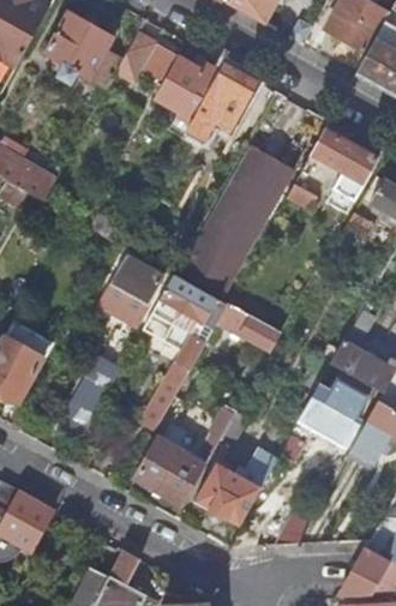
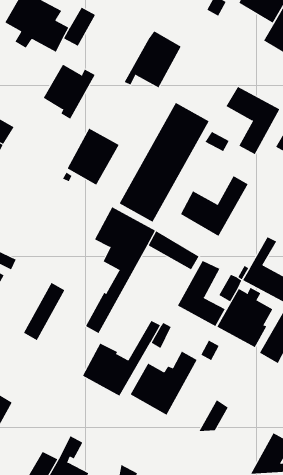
building: [154,56,217,124] -> [43,64,95,120]
building: none -> [180,175,249,237]
building: [98,256,162,325] -> [67,128,120,186]
building: none -> [177,260,226,327]

